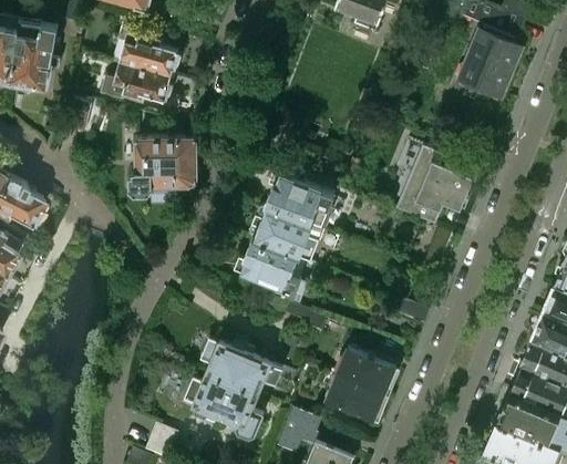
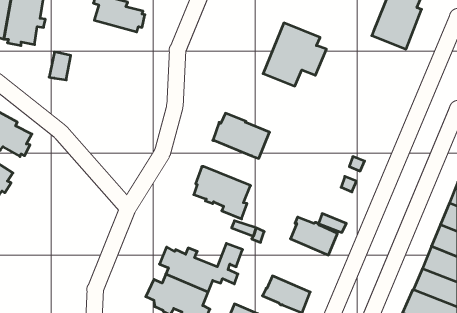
building: [97,61,174,102] -> none
building: [130,126,197,204] -> none
building: [394,147,472,225] -> [263,23,326,86]
building: [254,208,318,264] -> none
building: [338,348,395,394] -> [290,217,337,255]

